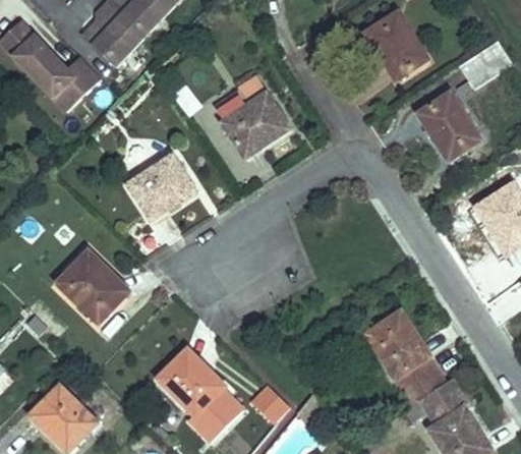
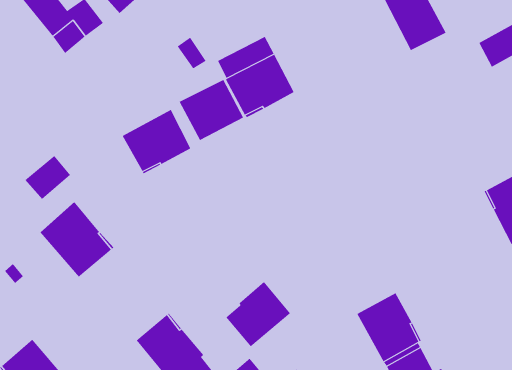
building: [418,93,479,160] -> none
building: none -> [179,79,244,141]
building: none -> [24,155,71,200]
building: none -> [226,281,291,347]

